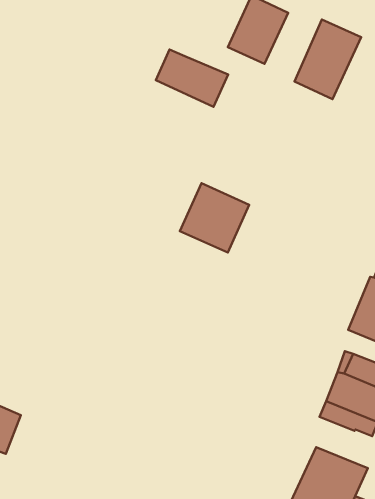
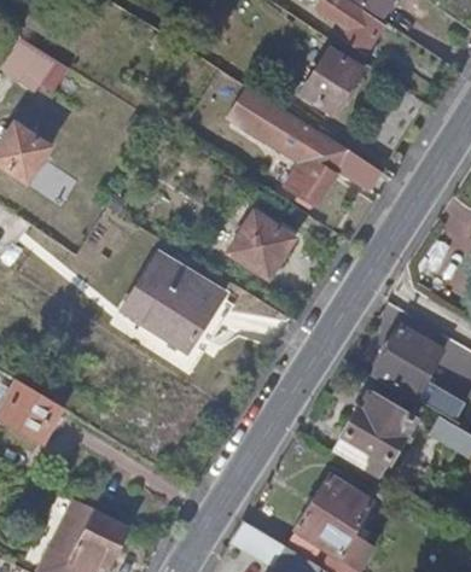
building: none -> [281,121,383,209]
building: none -> [124,252,220,345]

